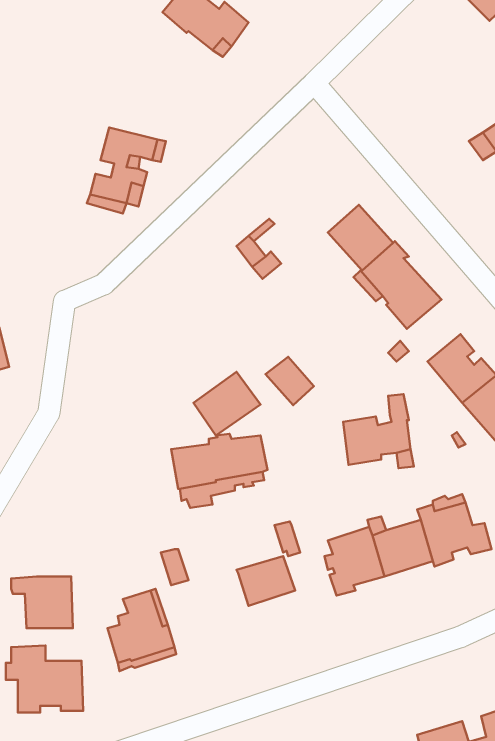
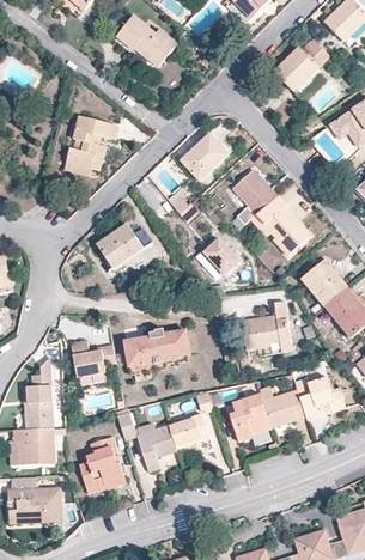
building: none -> [273,36,329,95]
building: none -> [181,134,227,178]
building: [266,357,314,405] -> [203,239,237,273]
building: [194,372,261,436] -> [96,223,142,267]
building: none -> [69,341,115,378]
building: none -> [28,357,51,427]
building: none -> [135,422,176,469]

